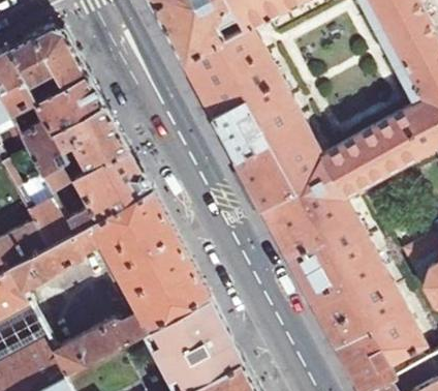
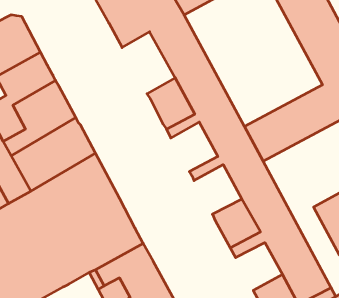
building: [182,48,244,120] -> none
building: [239,153,293,211] -> none
building: [265,203,321,261] -> none
building: [314,294,369,350] -> none

